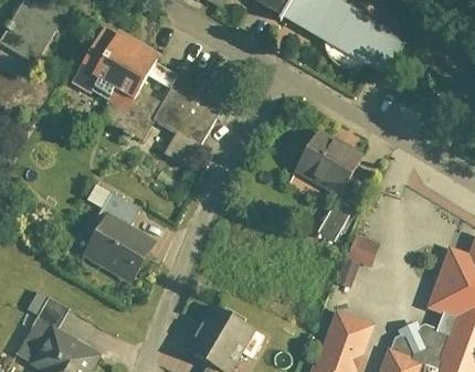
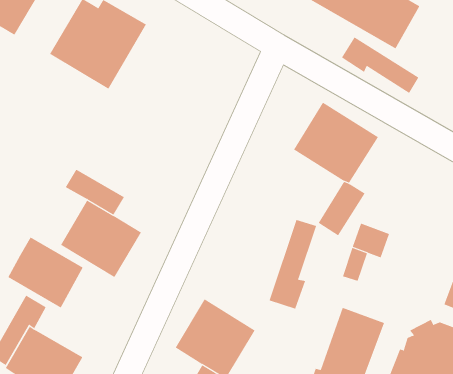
building: none -> [341,36,419,94]
building: [154,66,231,167] -> none
building: none -> [269,219,317,309]
building: none -> [8,236,84,308]

